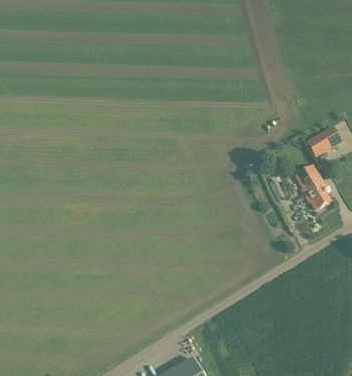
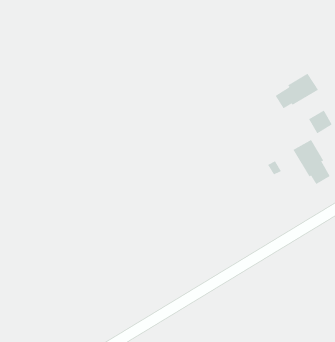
building: none -> [275,73,319,109]

